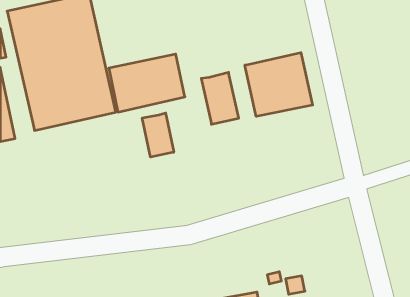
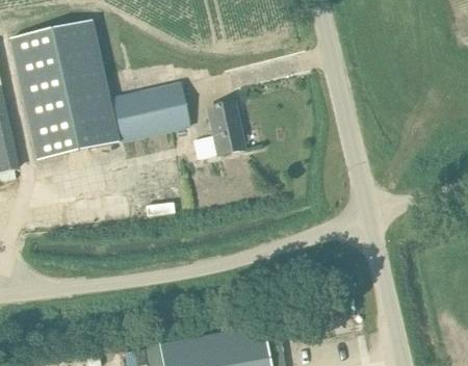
building: [245,53,313,116] -> none
building: [142,113,174,157] -> none

